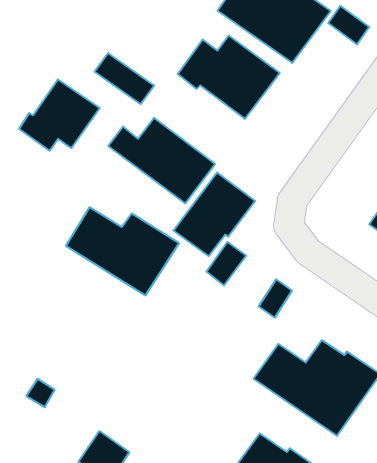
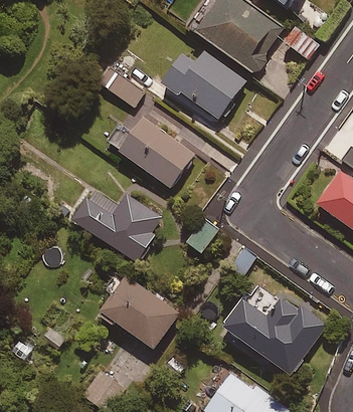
building: [19,79,100,151] -> none
building: [173,172,255,256] -> none
building: none -> [98,276,179,350]

